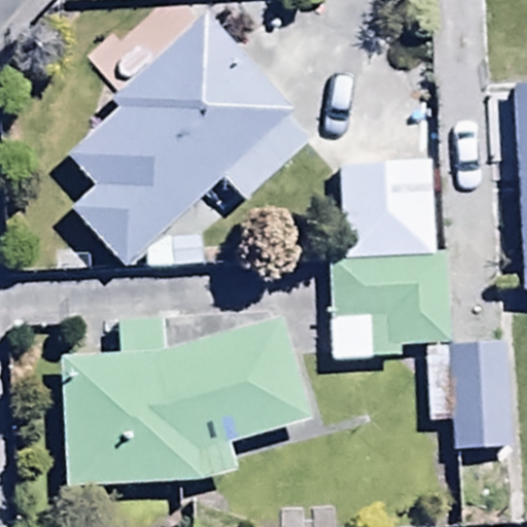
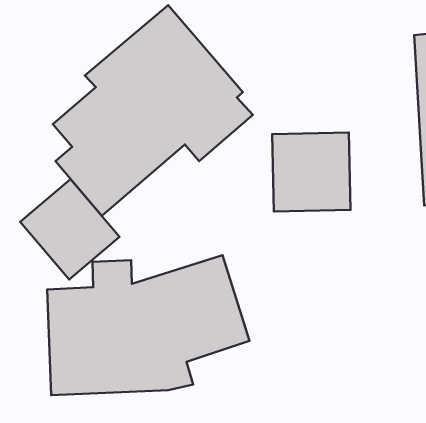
building: none -> [20,179,119,280]
building: [330,256,507,447] -> none

